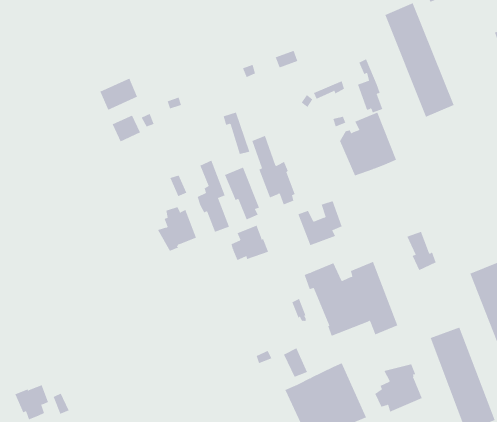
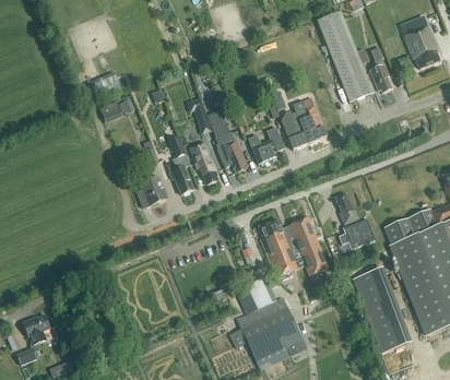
building: [357,58,383,113] -> [370,48,391,92]
building: [297,201,343,246] -> [248,127,284,163]
building: [231,225,269,261] -> none
building: none -> [339,218,375,248]
building: [374,363,423,413] -> none

